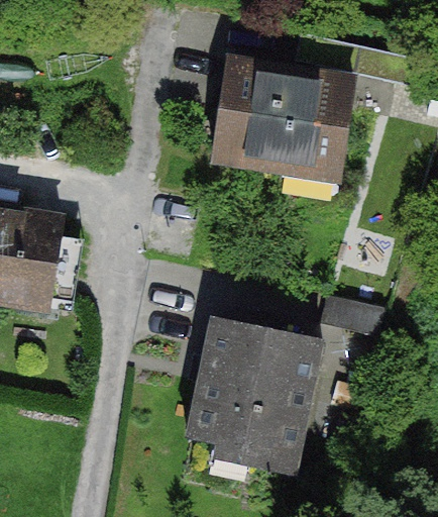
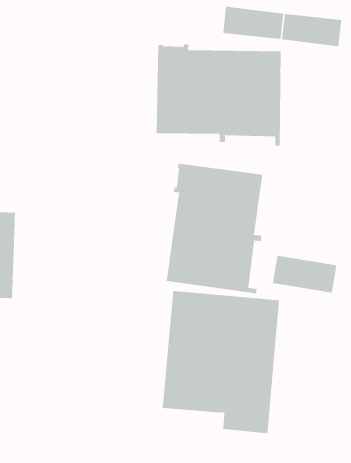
building: none -> [166,163,263,294]

